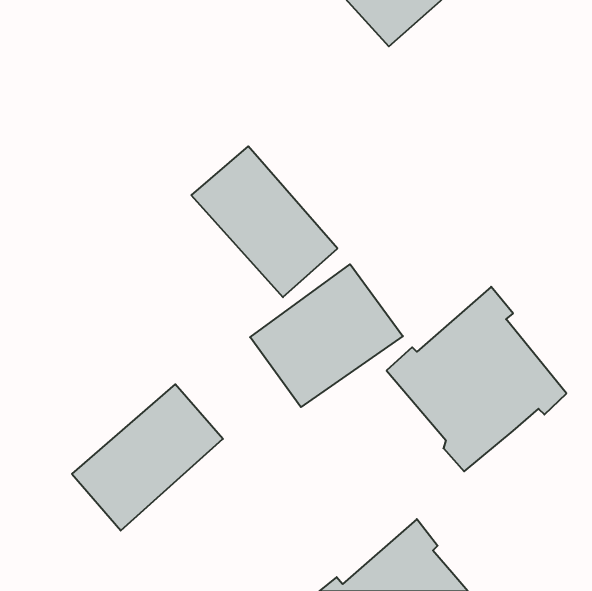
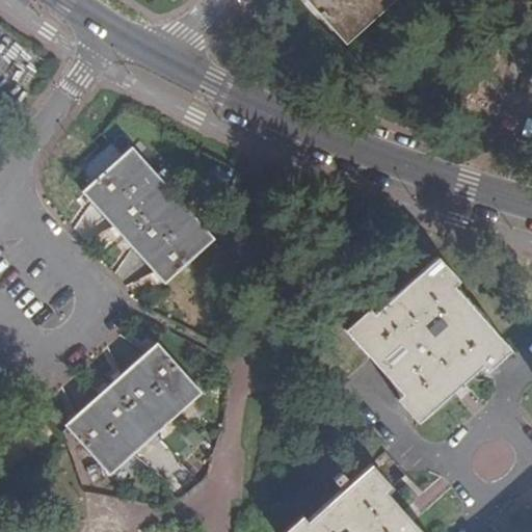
building: [191,146,337,297] -> [82,149,213,284]
building: [250,264,403,407] -> none

